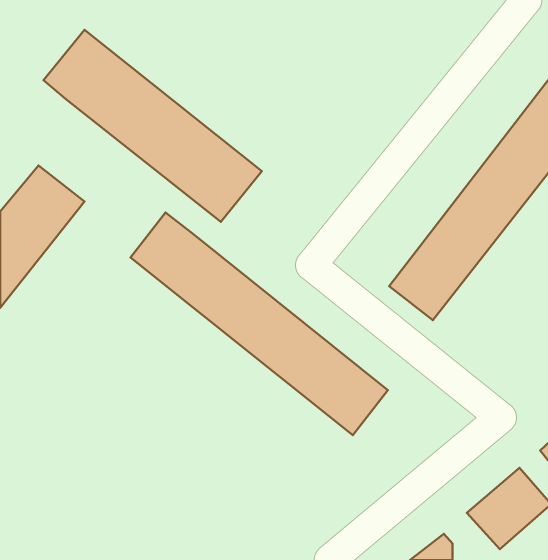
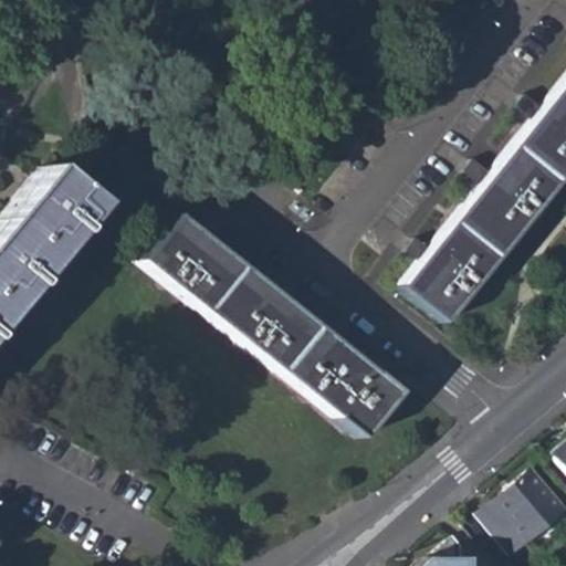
building: [43,30,262,222] -> none

